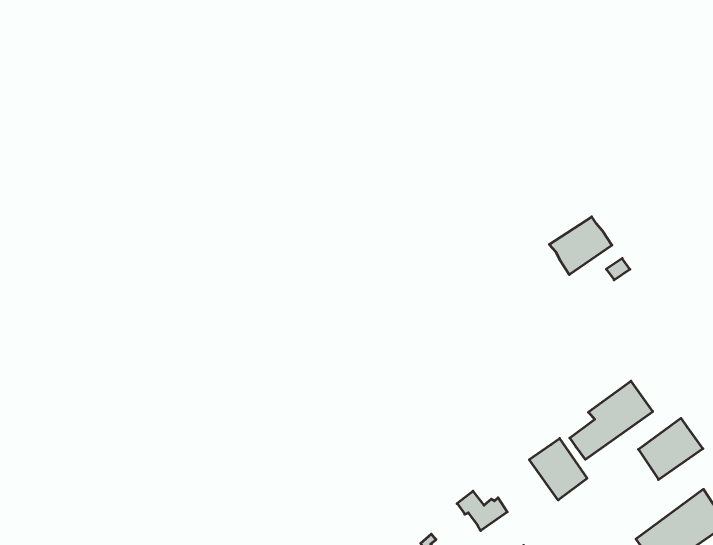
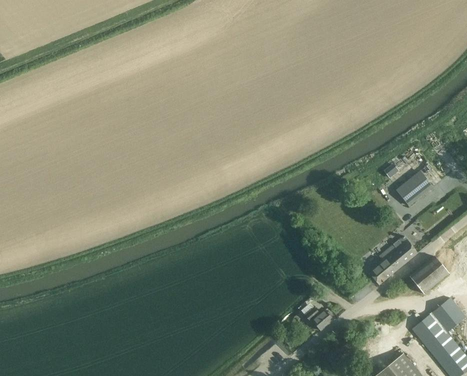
building: [549,217,612,275] -> [395,170,432,205]
building: [529,438,587,500] -> none

